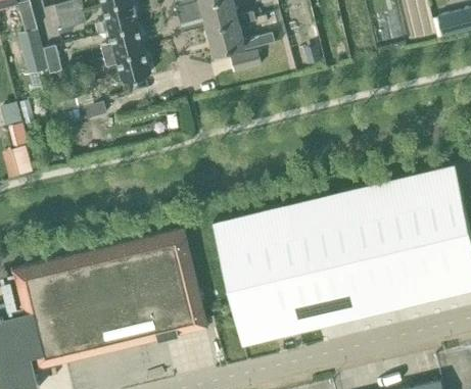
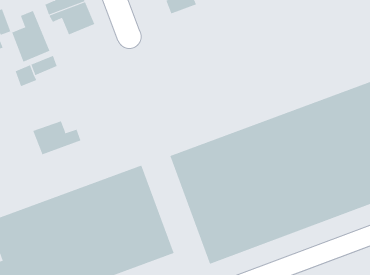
building: none -> [12,10,50,62]
building: none -> [33,121,81,155]

